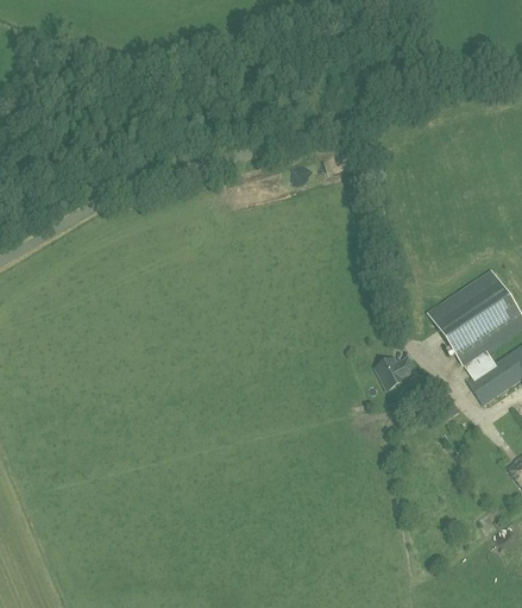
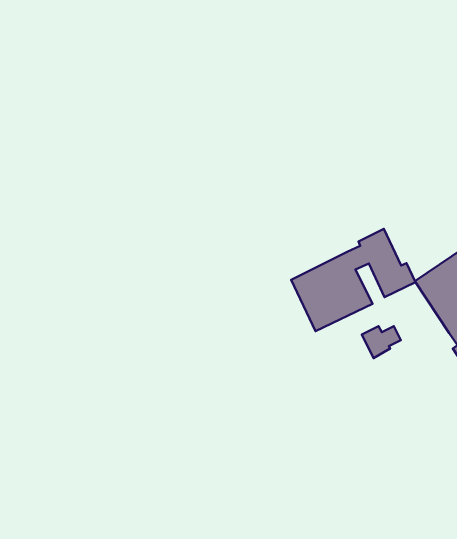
building: none -> [291,229,415,331]

